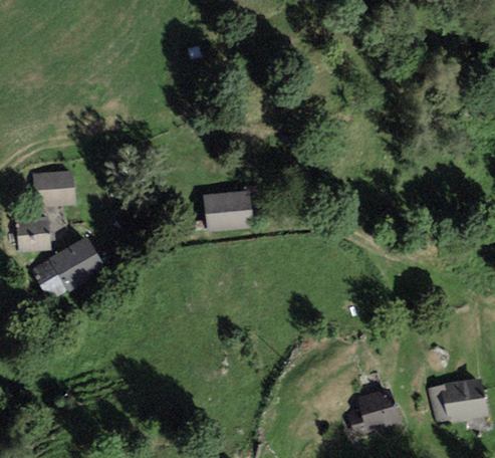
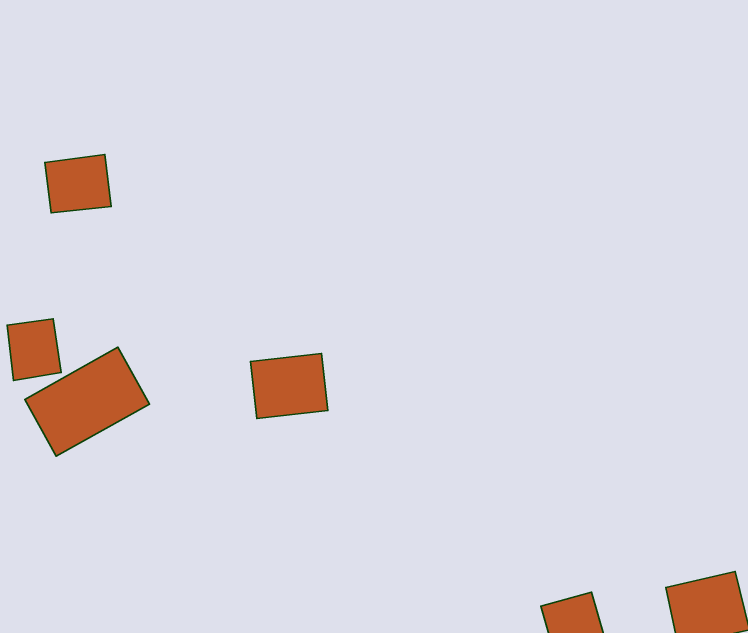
building: [34,171,76,208] -> [45,155,111,213]
building: [204,191,253,232] -> [251,354,328,418]

